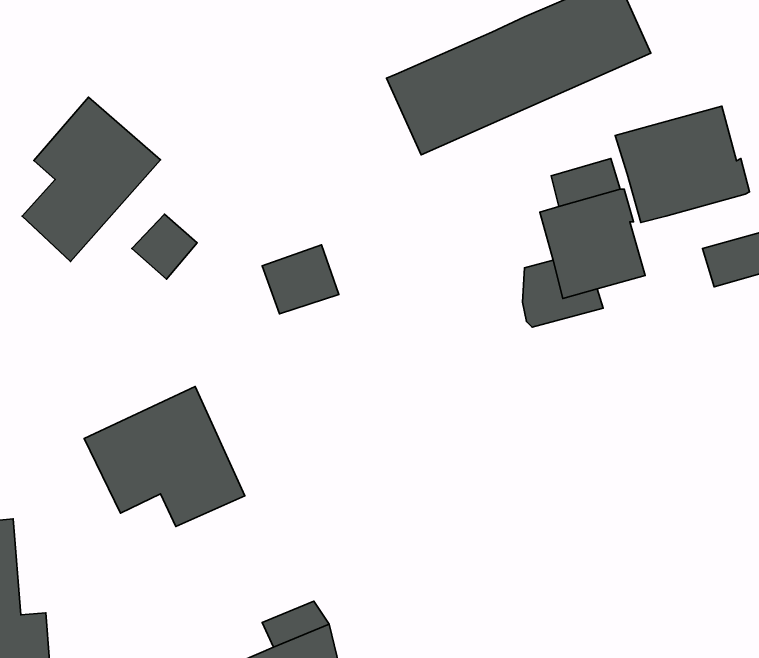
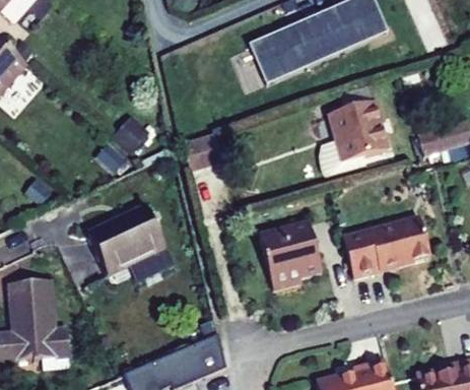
building: [22,97,161,261] -> none
building: [615,106,749,223] -> none
building: none -> [343,217,430,277]
building: none -> [259,222,322,289]

